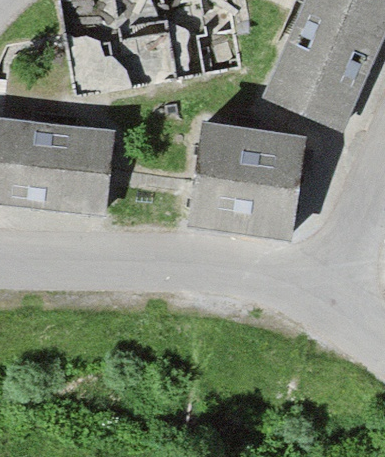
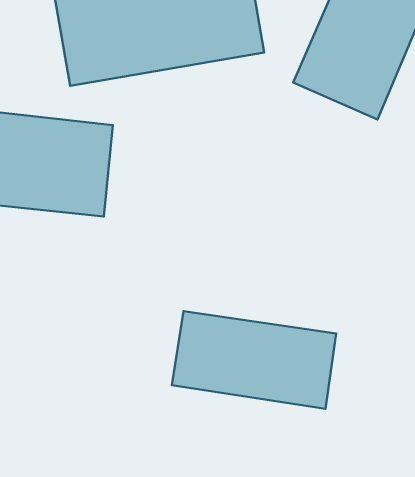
building: [192,122,305,235] -> none
building: none -> [172,311,336,409]

